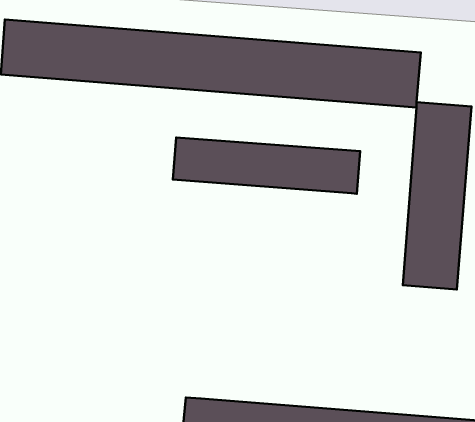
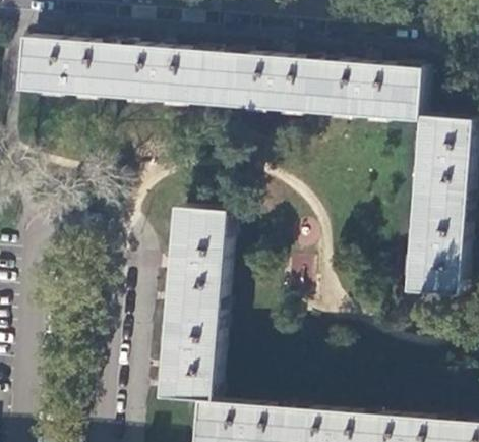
building: [173,138,360,194] -> none
building: none -> [159,207,227,400]

